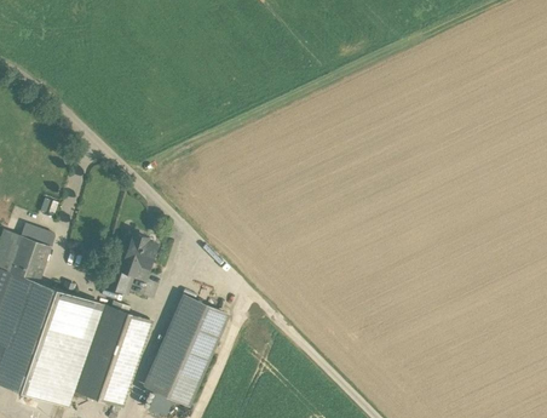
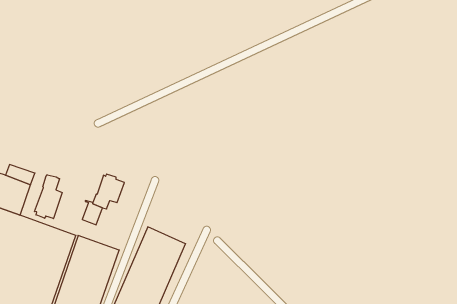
building: none -> [35,175,62,219]

